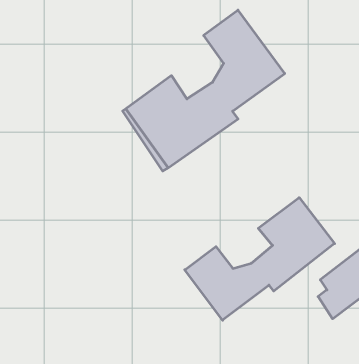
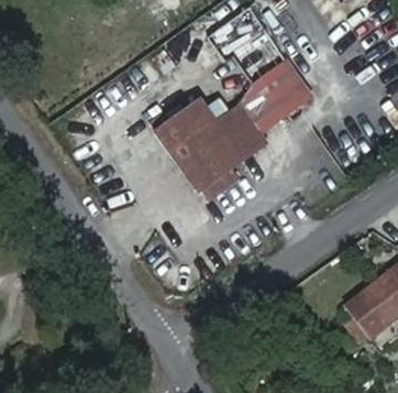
building: [185,198,335,320] -> none

